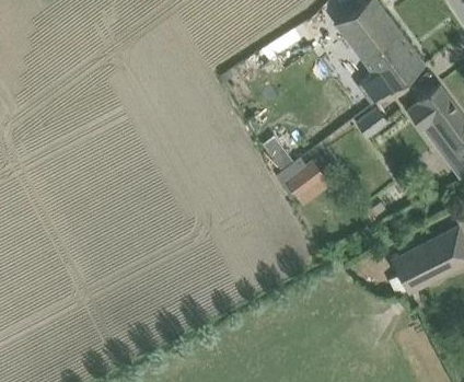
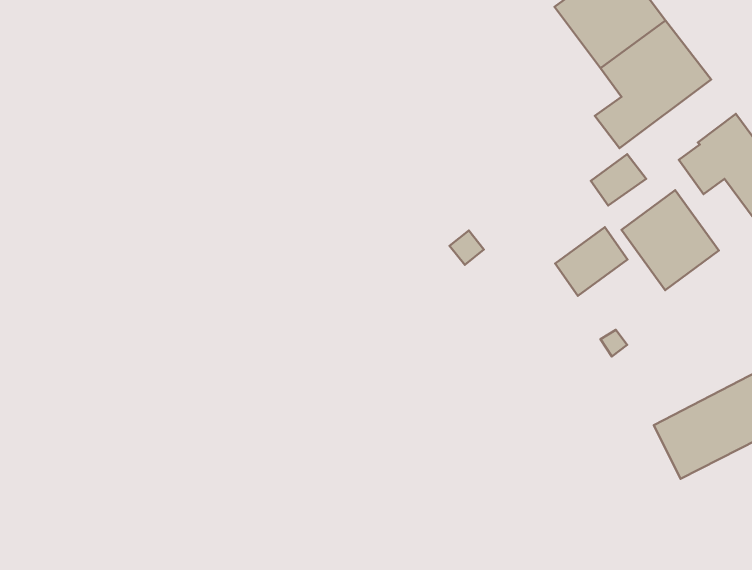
building: none -> [621,190,719,290]
building: [285,160,326,199] -> [555,227,628,296]

